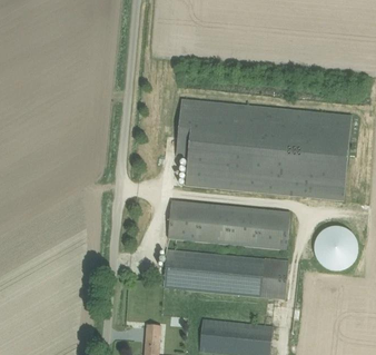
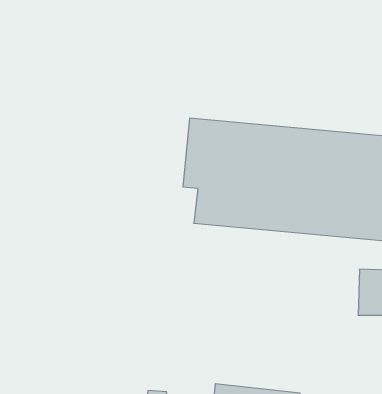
building: [168,200,290,249] -> none
building: [164,249,289,298] -> none

